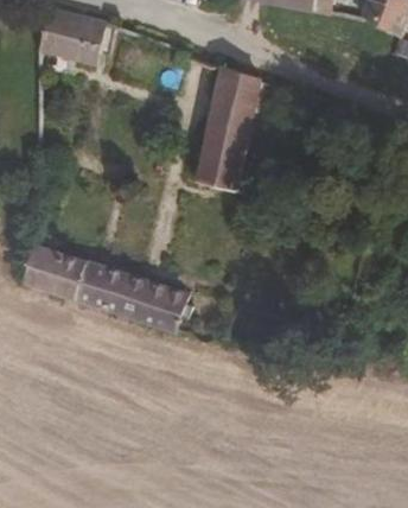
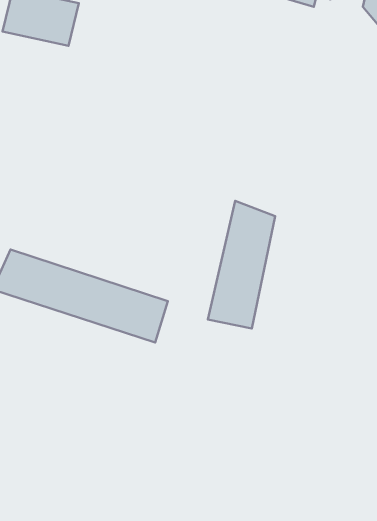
building: [193,65,255,183] -> [208,201,275,329]

